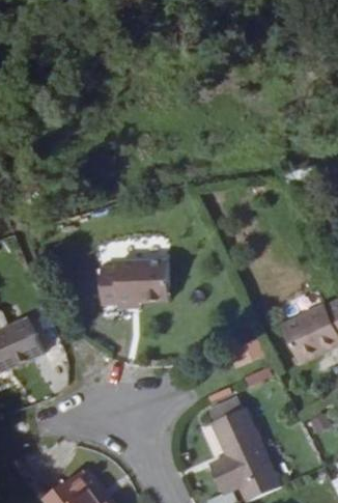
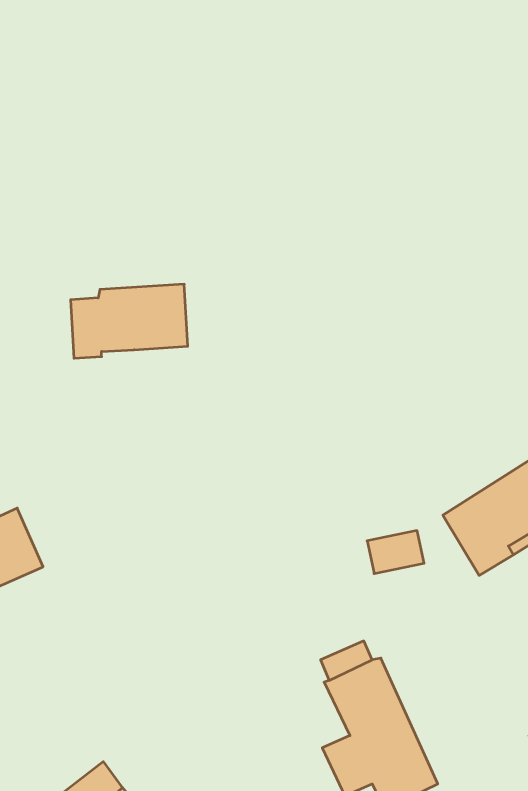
building: [100,258,170,303] -> [71,284,188,358]

